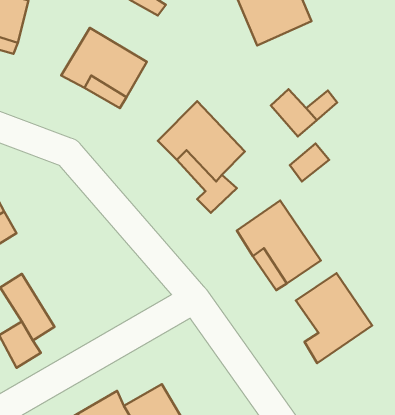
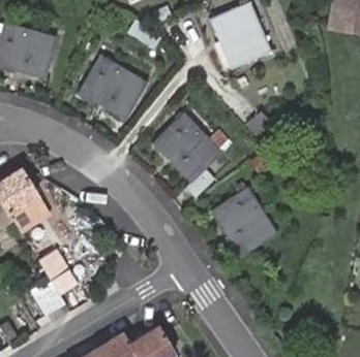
building: [296,273,372,363] -> none

